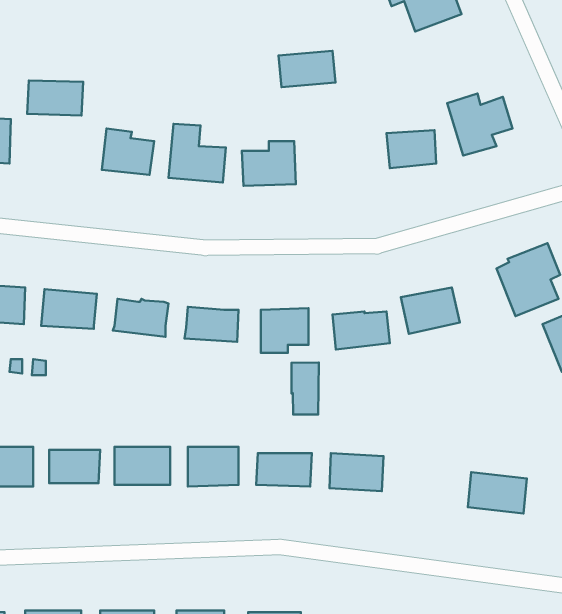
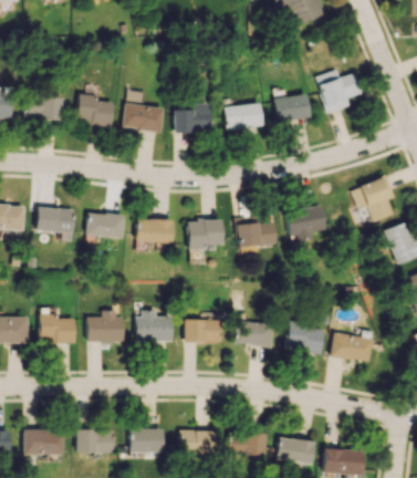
building: [278,51,336,87] -> [223,104,263,129]
building: [27,80,83,115] -> [25,96,64,121]
building: [291,363,319,415] -> none
building: none -> [288,318,324,352]

